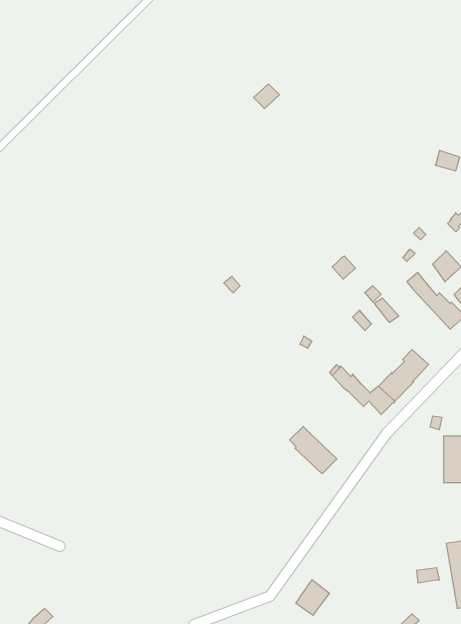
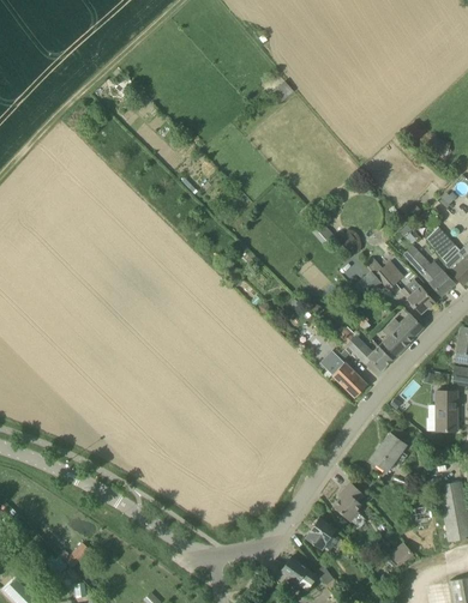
building: none -> [400,277,434,313]
building: [290,426,337,474] -> [325,355,367,397]
building: none -> [371,433,408,471]
building: none -> [334,482,365,520]

